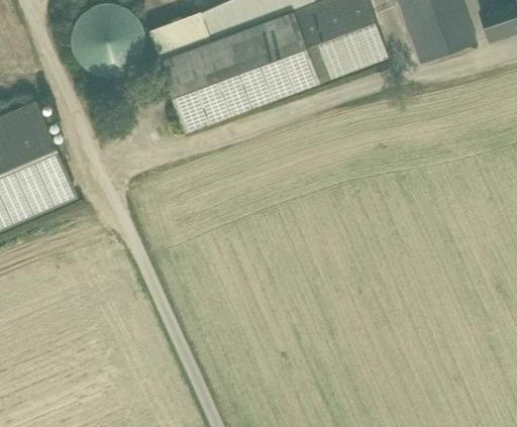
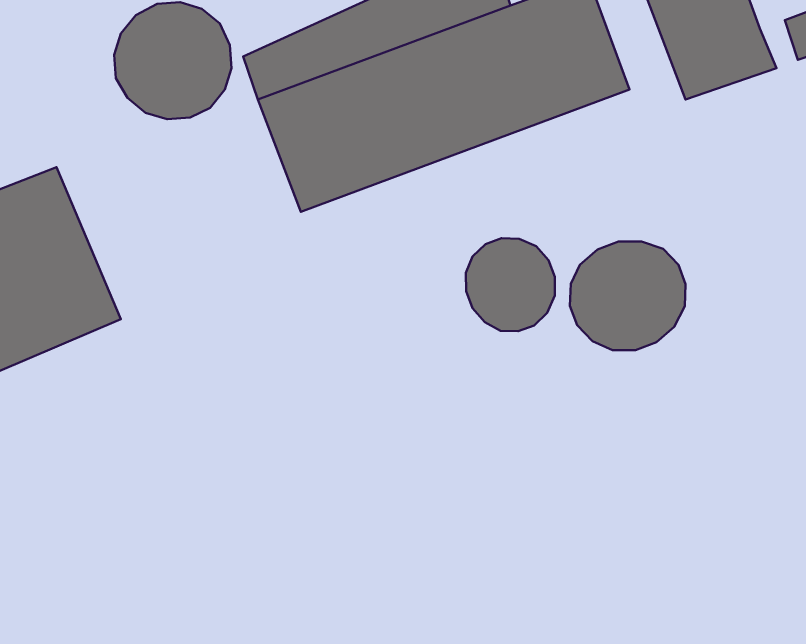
building: none -> [466,238,555,331]
building: none -> [570,241,686,350]

